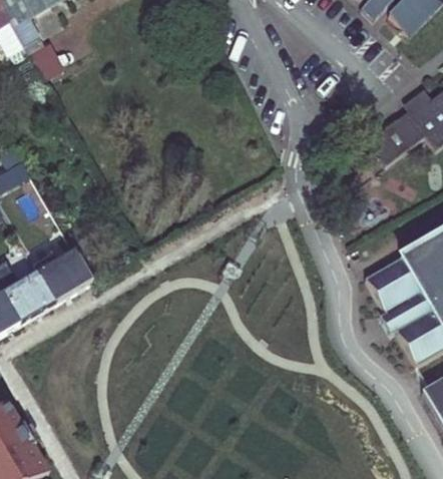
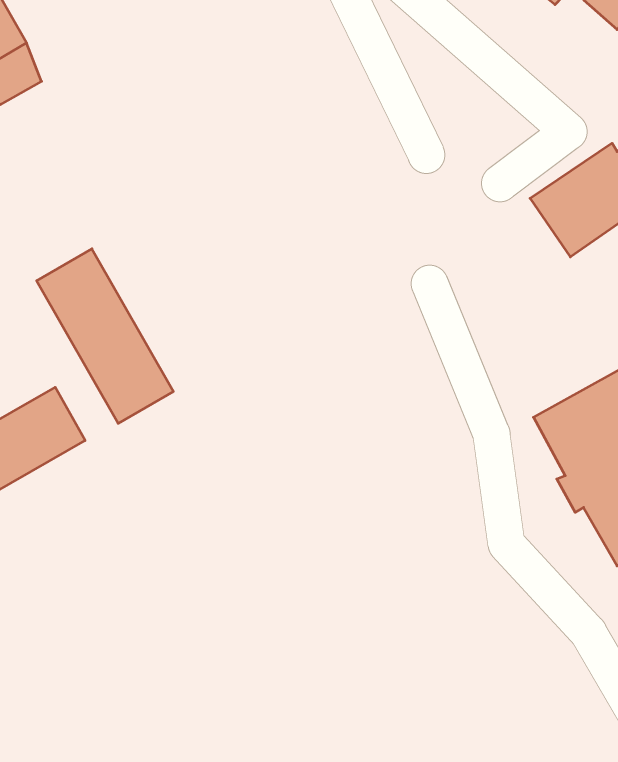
building: none -> [37,249,173,423]

